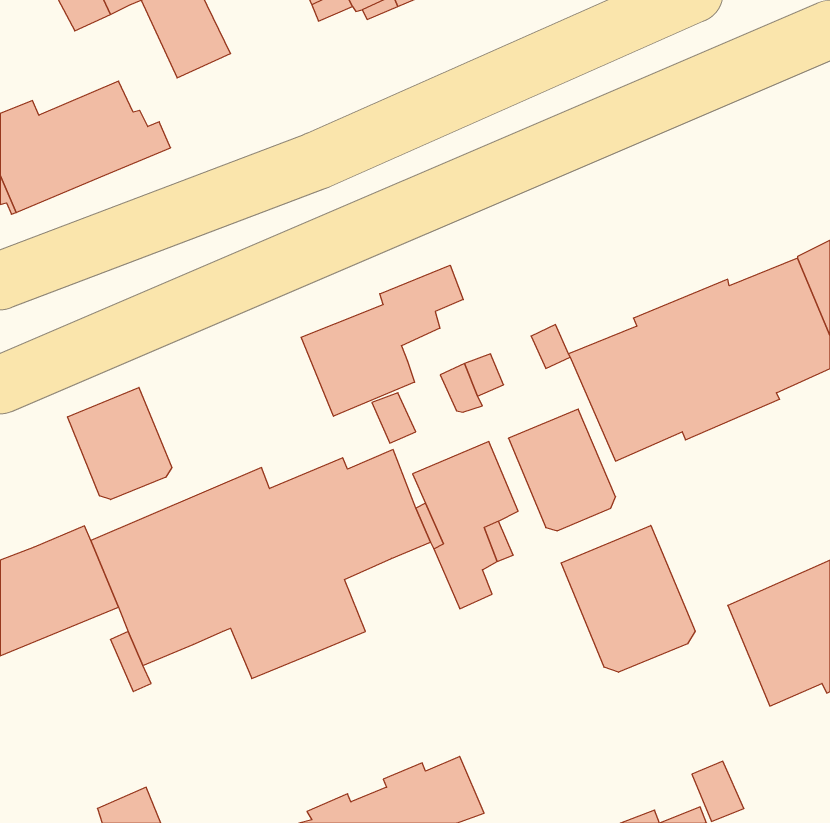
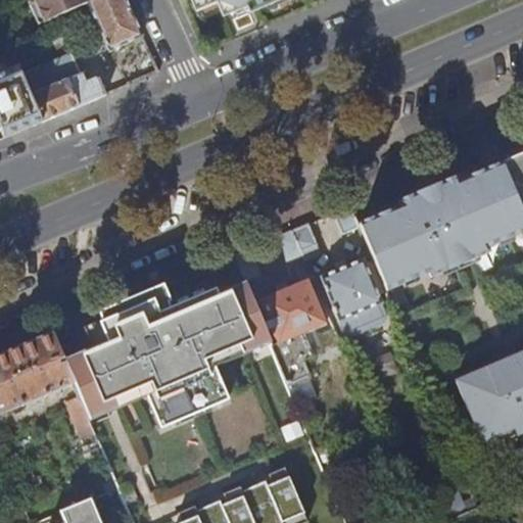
building: [301,265,463,416] -> none
building: [68,387,172,500] -> none
building: [561,525,695,672] -> none

